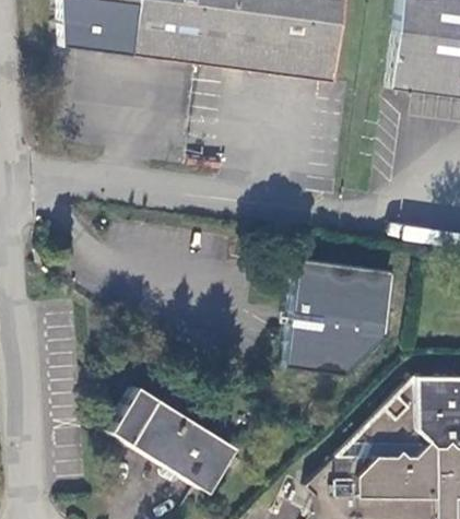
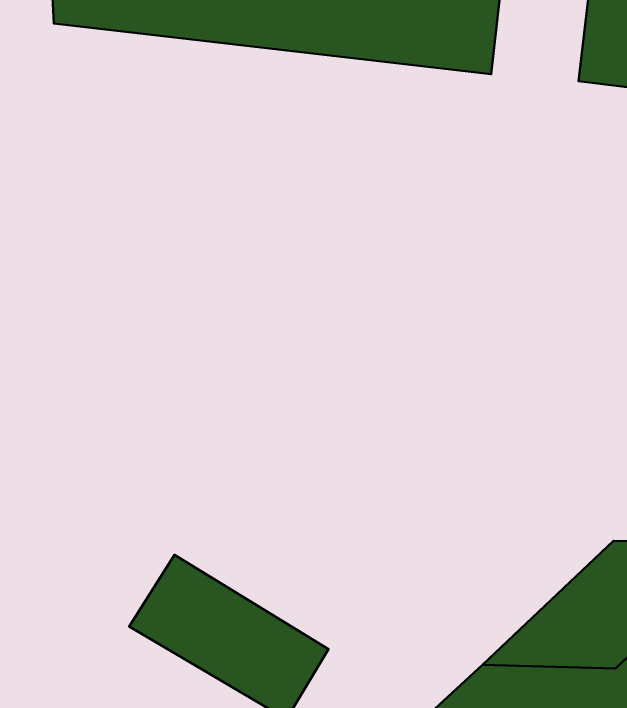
building: [286,260,394,375] -> none

